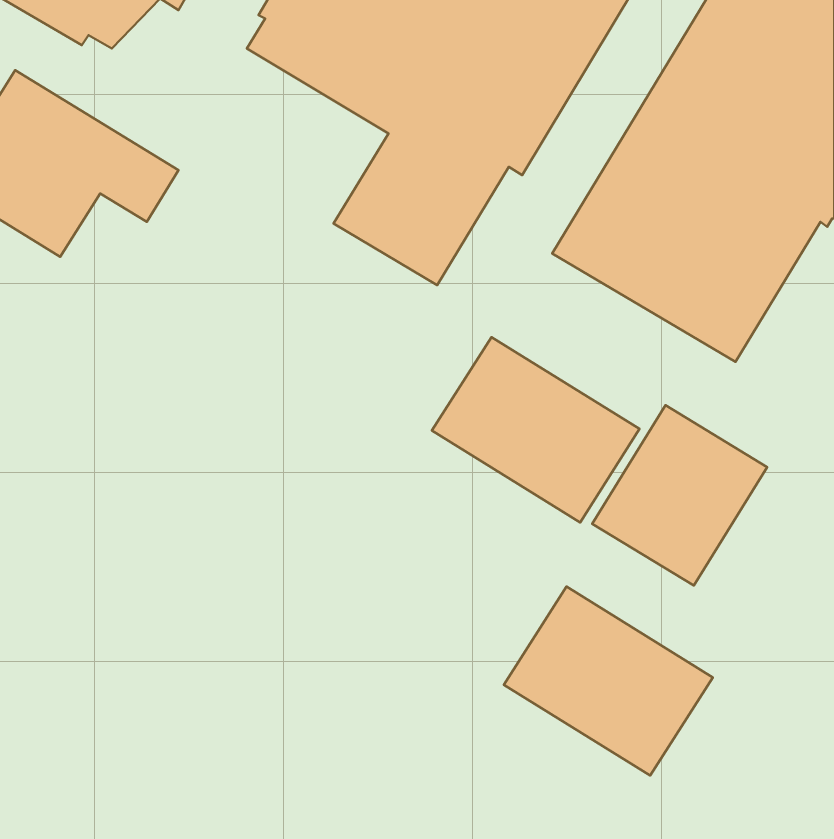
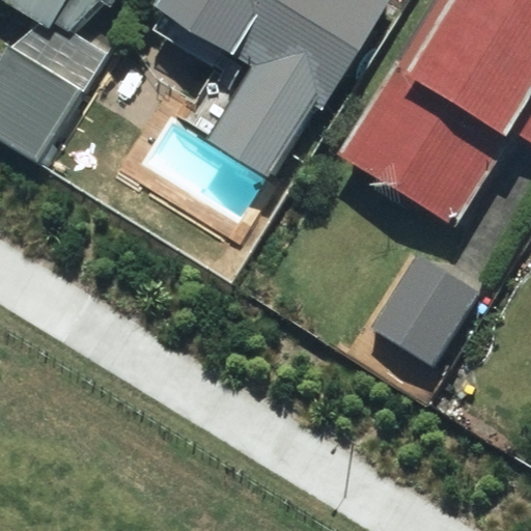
building: [432,337,640,522] -> none
building: [504,587,713,776] -> none

